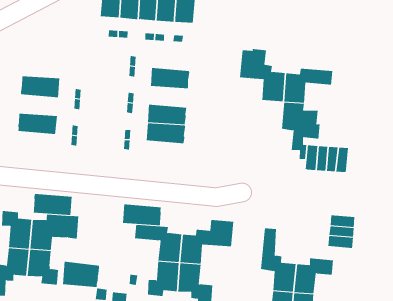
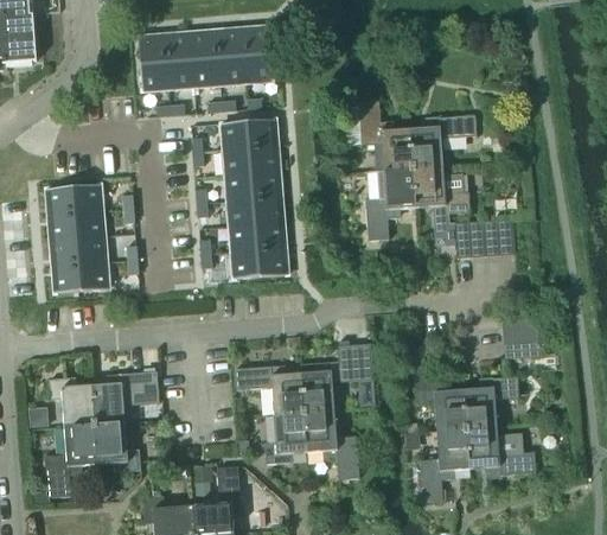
building: none -> [221,119,277,149]
building: none -> [225,171,281,200]
building: none -> [47,211,104,241]
building: none -> [365,168,415,241]
building: [32,193,72,215] -> [52,262,108,293]
building: [122,204,162,226] -> [231,248,287,279]
building: [62,261,100,288] -> none

